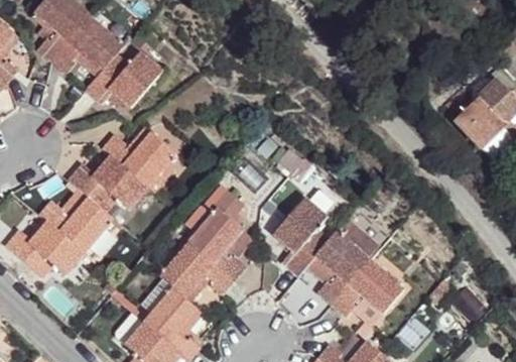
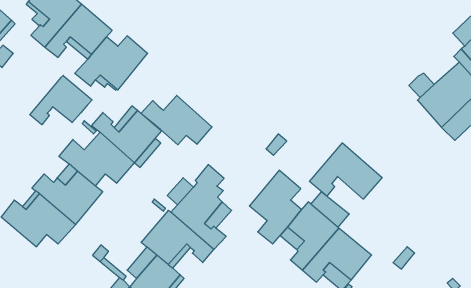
building: none -> [30,75,92,125]
building: none -> [141,95,212,145]
building: none -> [309,143,382,199]

